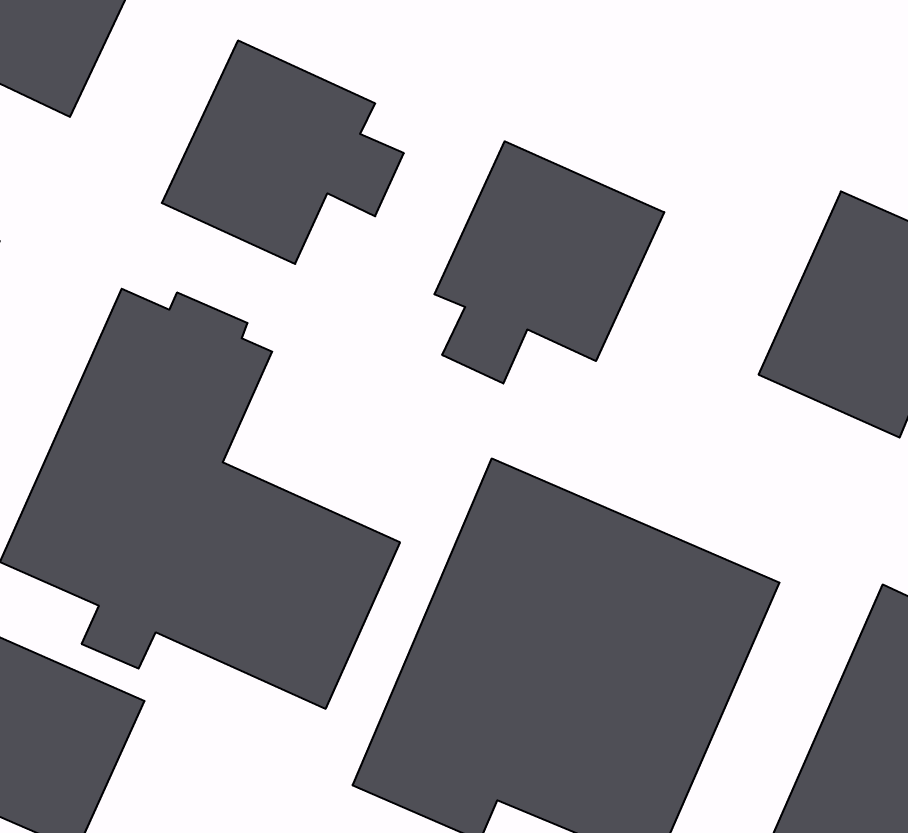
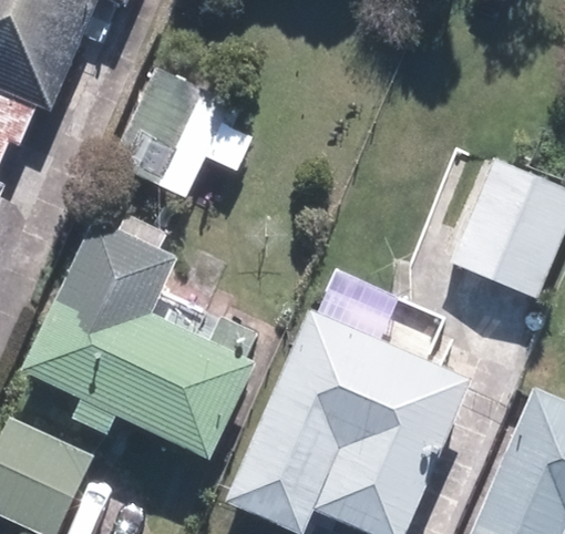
building: [434,141,664,384] -> none

